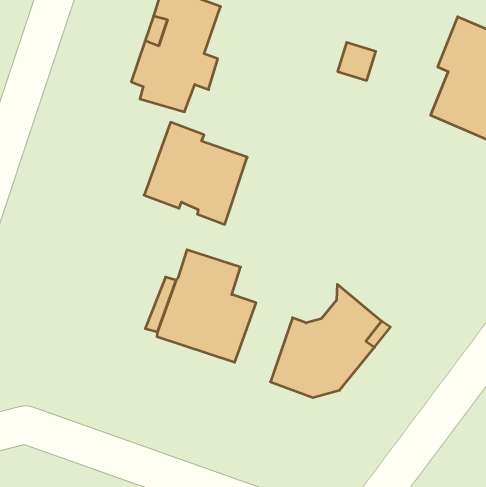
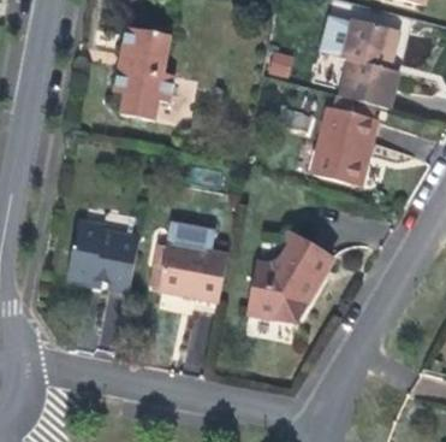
building: [144,122,247,224] -> [66,220,139,291]
building: none -> [313,106,376,185]

